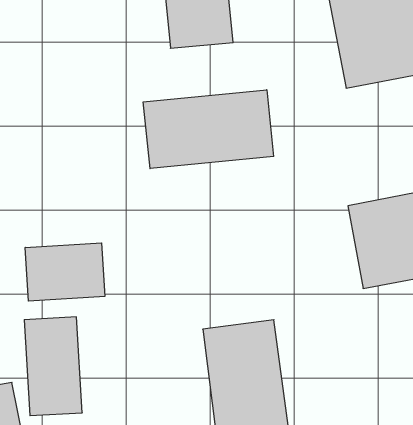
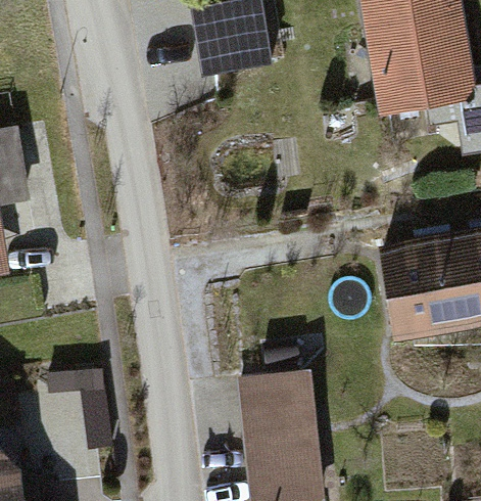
building: [143,90,274,169] -> none
building: [25,243,105,301] -> none

